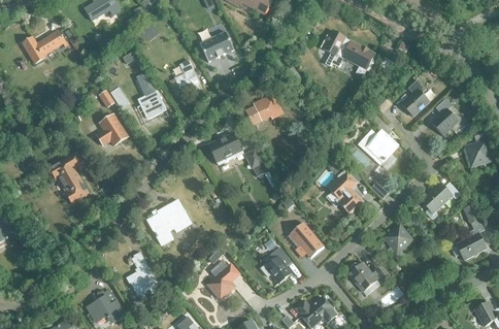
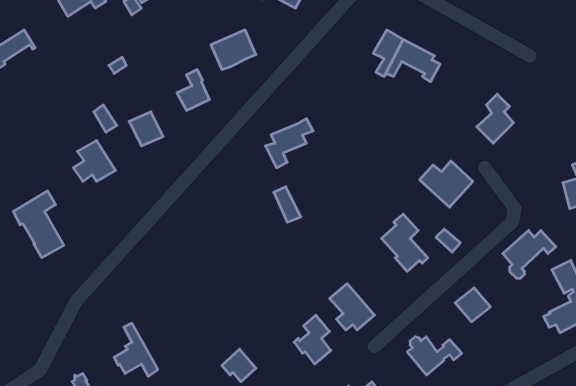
building: [432,97,458,134] -> none
building: [209,133,243,164] -> none
building: [147,199,192,244] -> none

